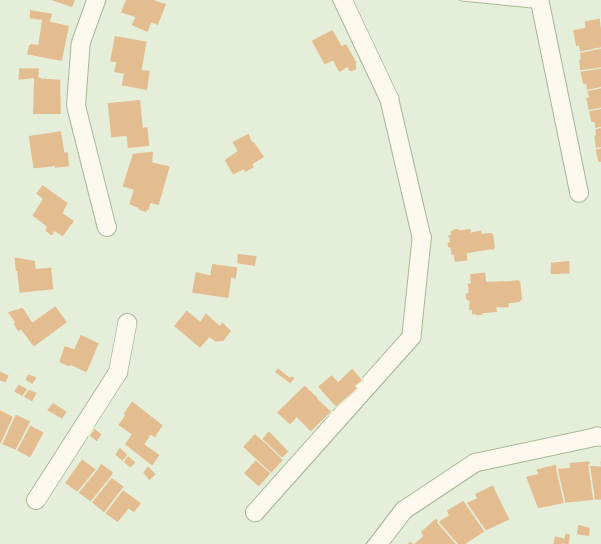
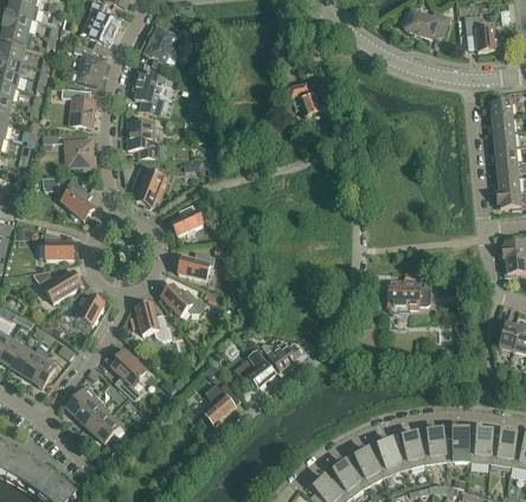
building: [223,132,265,176] -> [171,202,203,234]
building: [447,228,495,263] -> none
building: none -> [135,302,172,339]
building: none -> [393,432,424,468]

